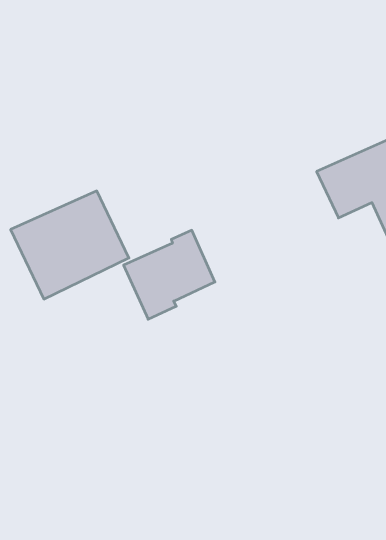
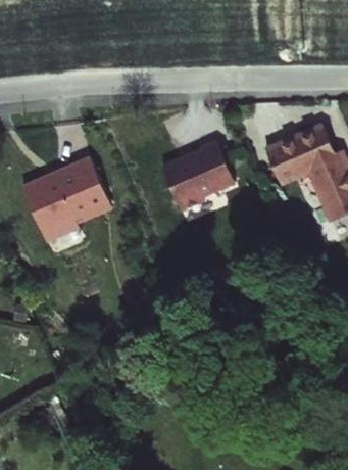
building: [124,230,215,319] -> [162,144,235,215]

